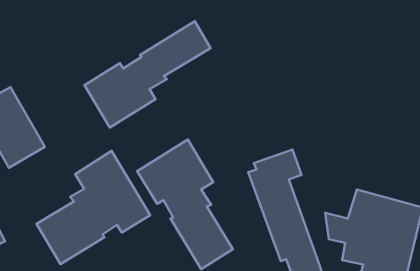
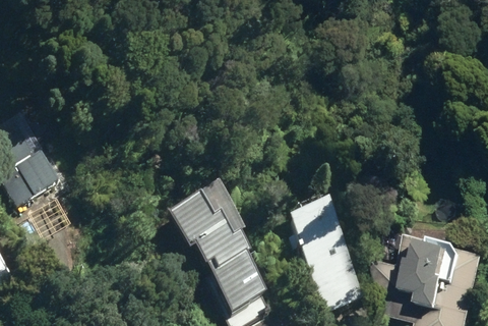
building: [85,21,210,128] -> none
building: [37,151,150,264] -> none

